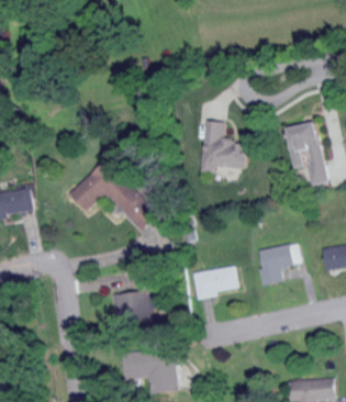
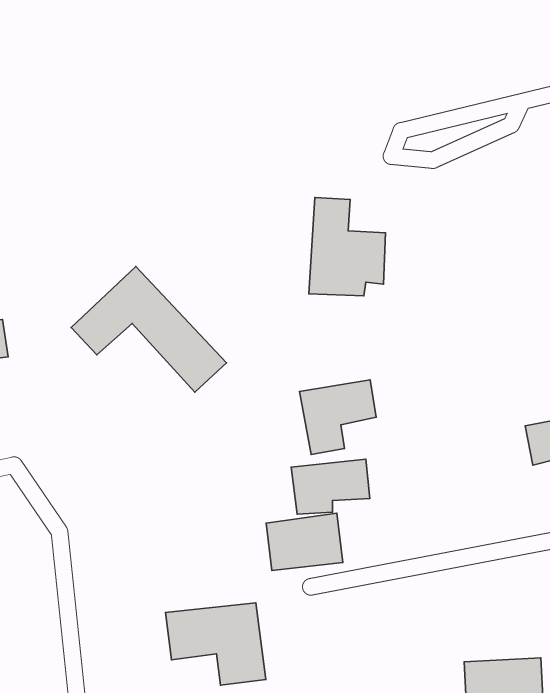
building: [288,123,328,186] -> none
building: [257,244,300,286] -> [299,380,376,454]
building: [113,290,156,322] -> [266,513,343,570]

